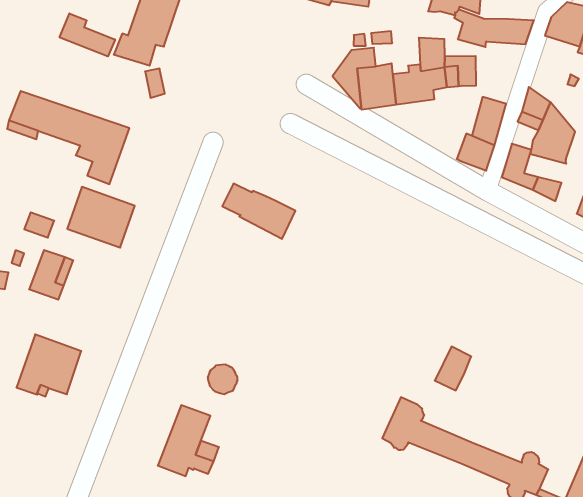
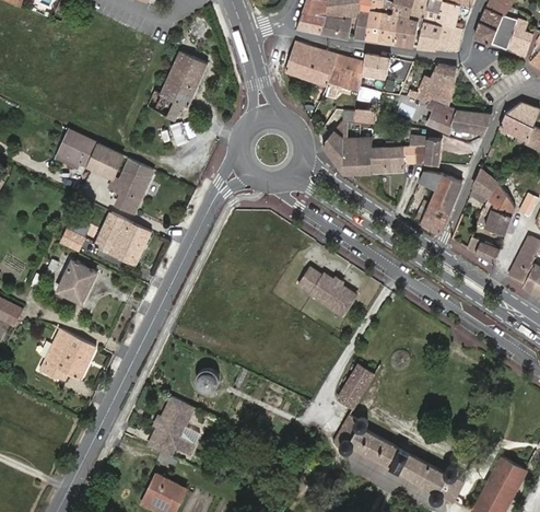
building: [60,13,115,56] -> none
building: [222,184,295,239] -> [293,268,352,317]
building: [435,347,471,390] -> [337,372,368,408]

